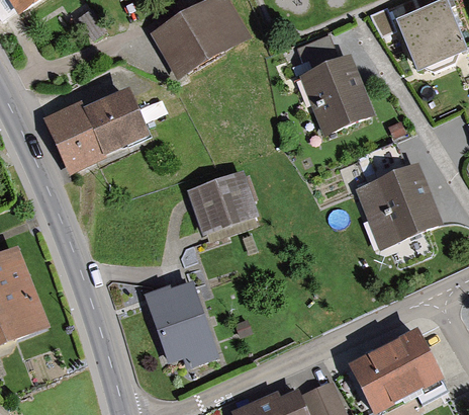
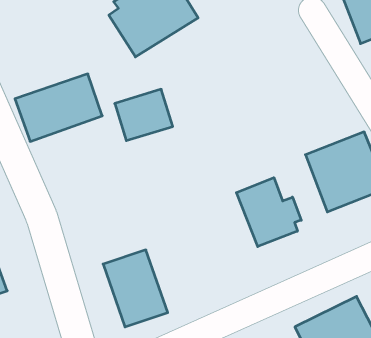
building: [303,52,378,132] -> none
building: [191,169,253,224] -> [115,89,173,141]
building: none -> [236,178,301,247]

